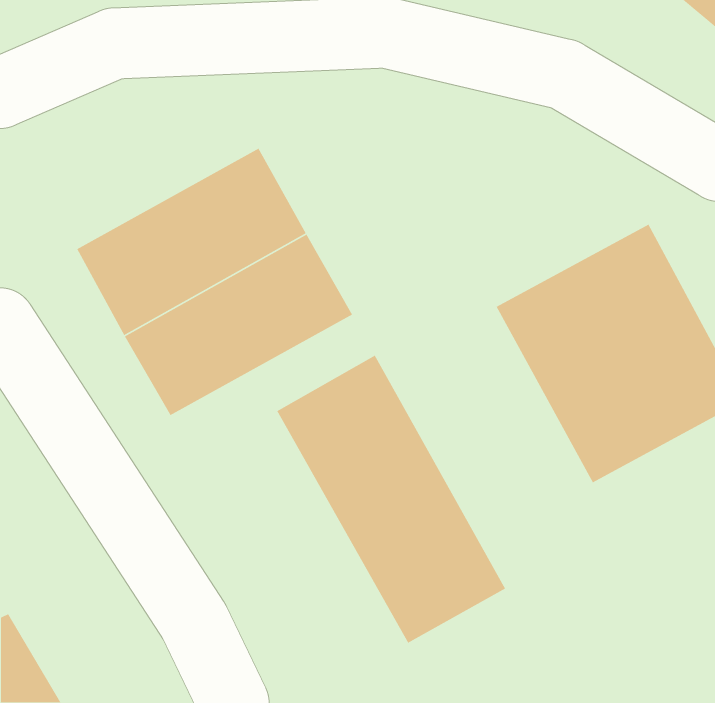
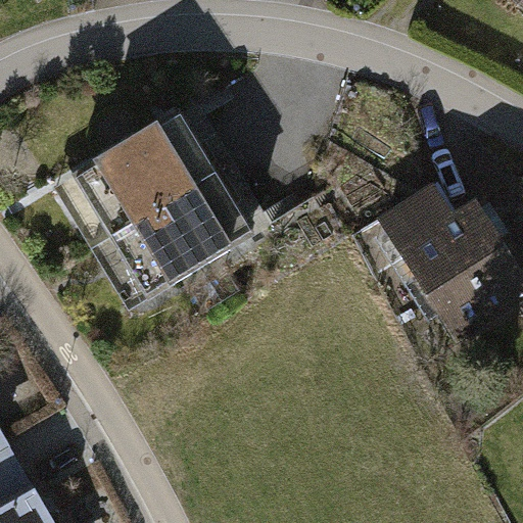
building: [276,354,506,644] -> none

